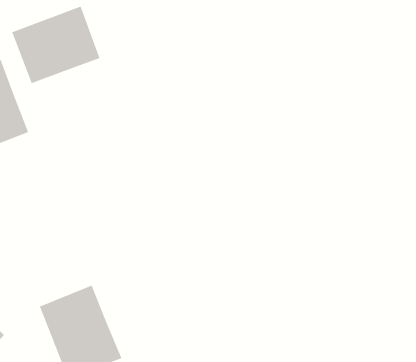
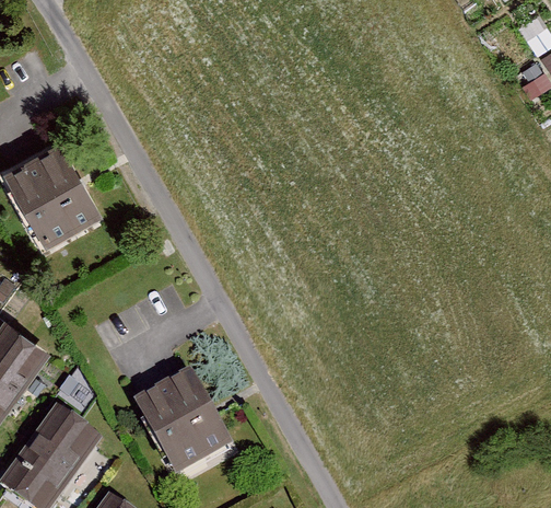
building: [11,6,100,84] -> none

